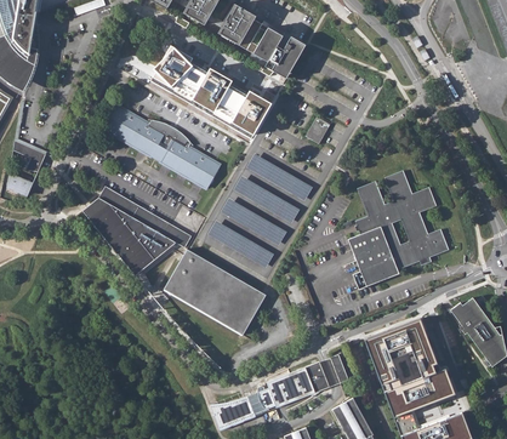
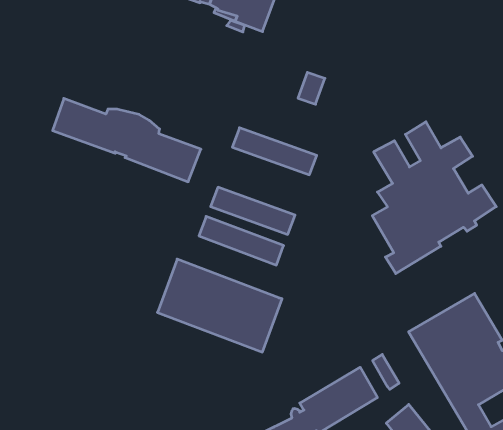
building: [153,46,272,135] -> none
building: [234,175,301,223] -> none
building: [82,187,192,275] -> none

